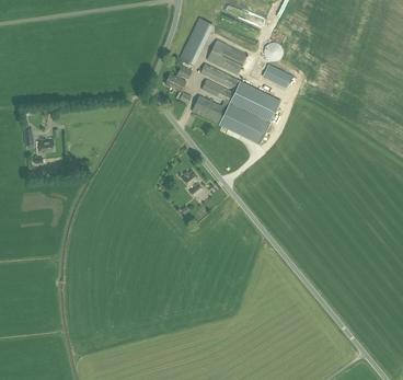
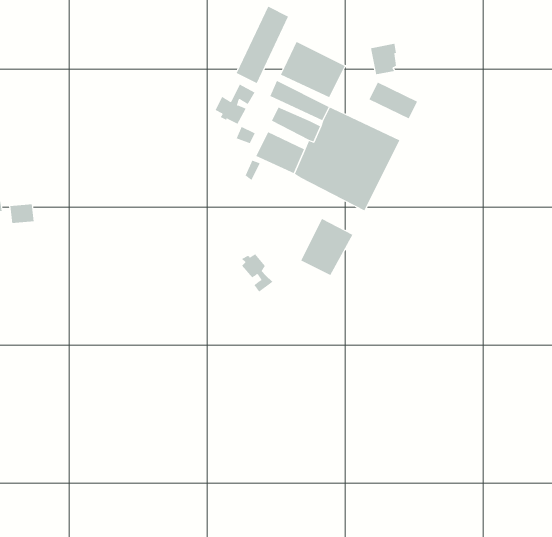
building: none -> [301,218,353,276]

